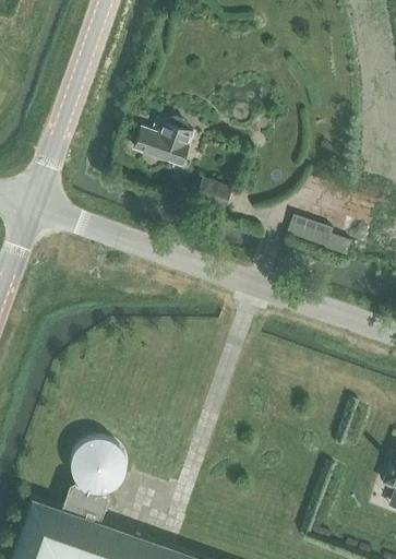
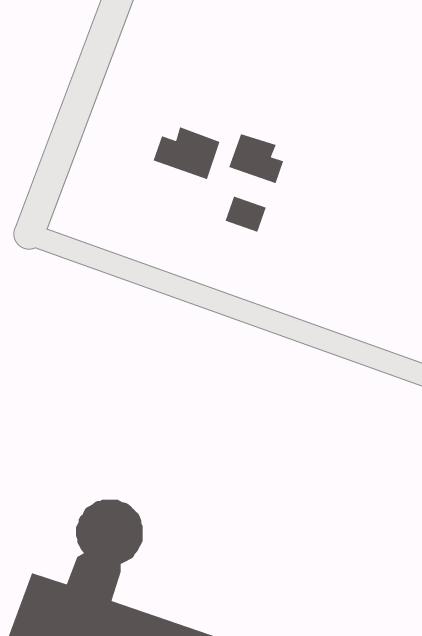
building: none -> [228,133,284,184]
building: [289,216,352,257] -> none

